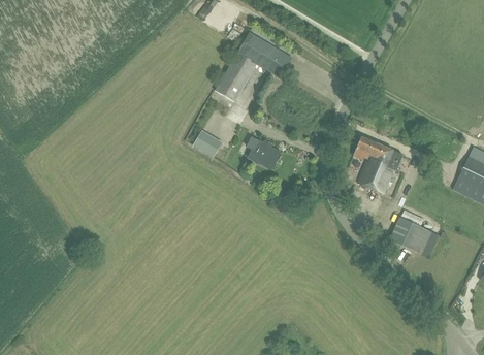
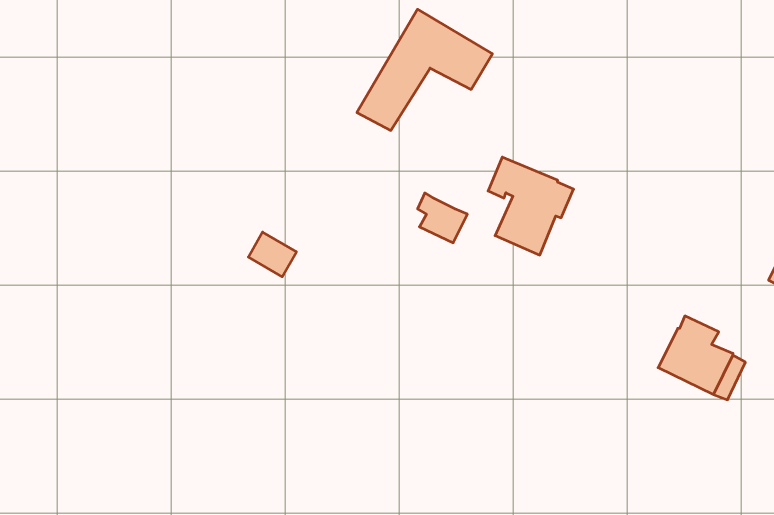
building: [193,131,221,157] -> [248,232,296,277]
building: [353,135,402,192] -> [488,157,574,255]

